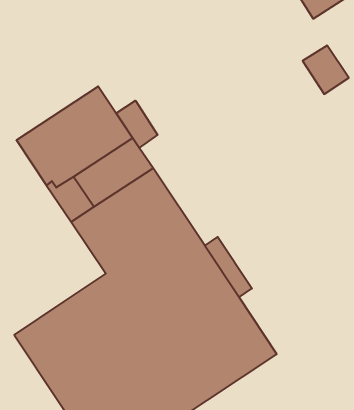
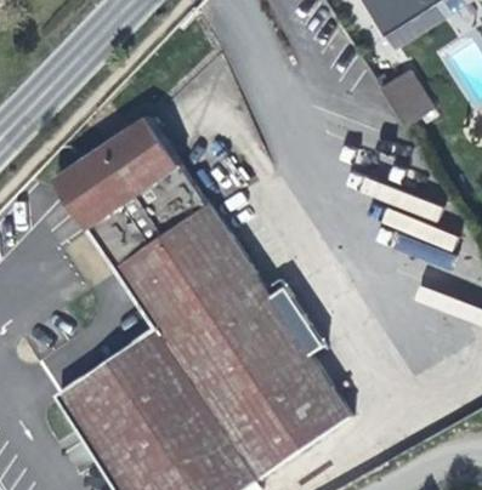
building: [116,101,158,148] -> none

